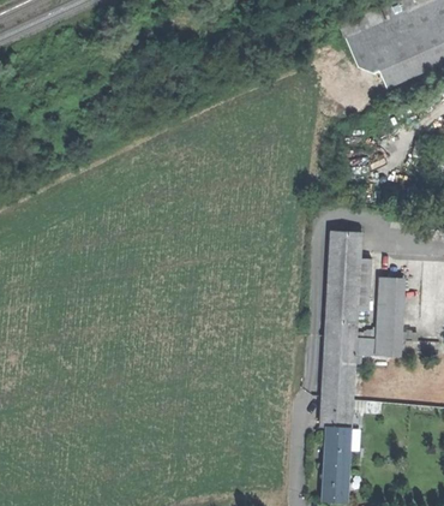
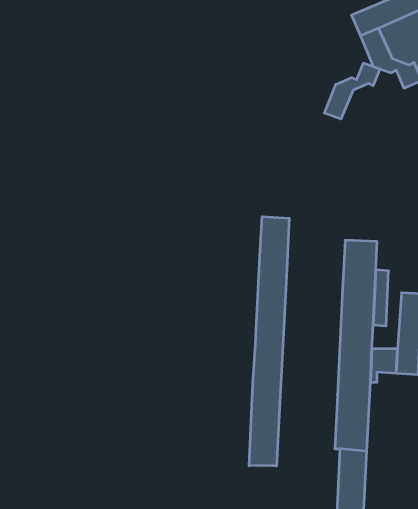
building: none -> [324,63,380,119]
building: none -> [249,217,289,466]

